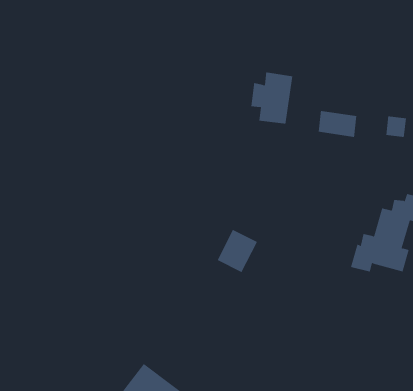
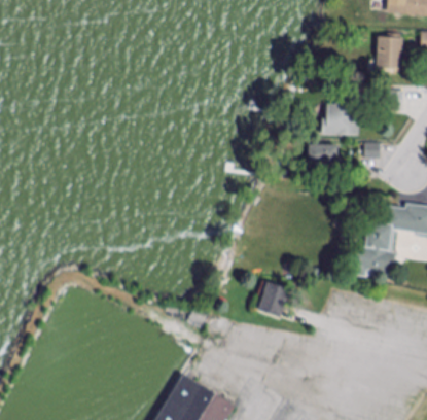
building: [251,72,293,124] -> [326,94,359,136]
building: [217,229,258,273] -> [257,282,290,318]

